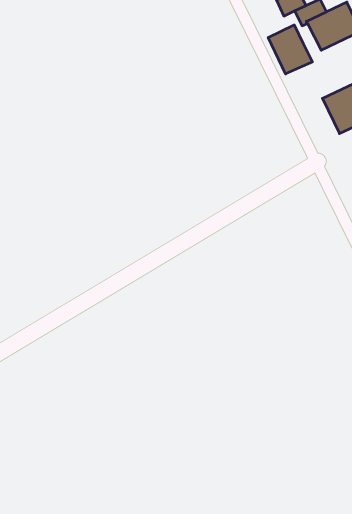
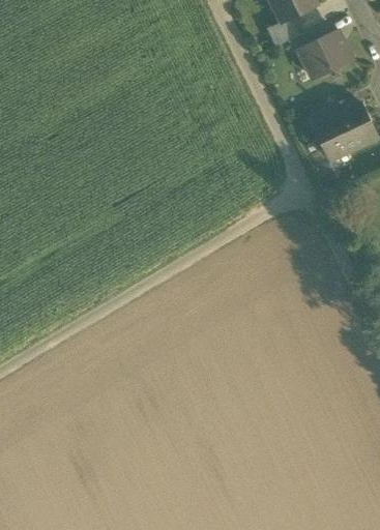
building: [268,25,312,74] -> none

